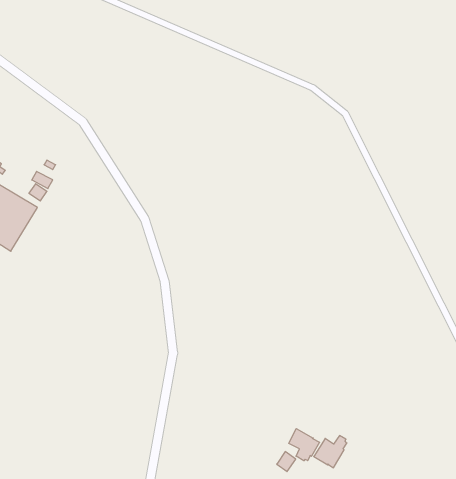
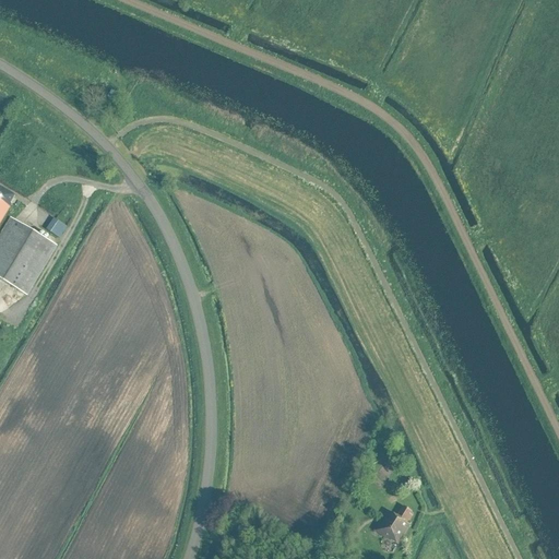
building: [289,429,320,461] -> none

